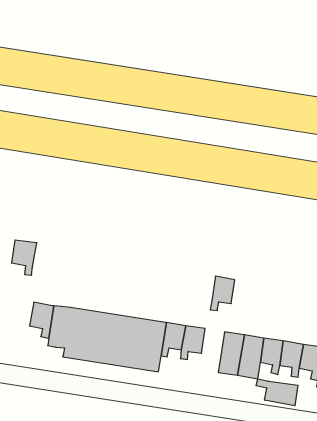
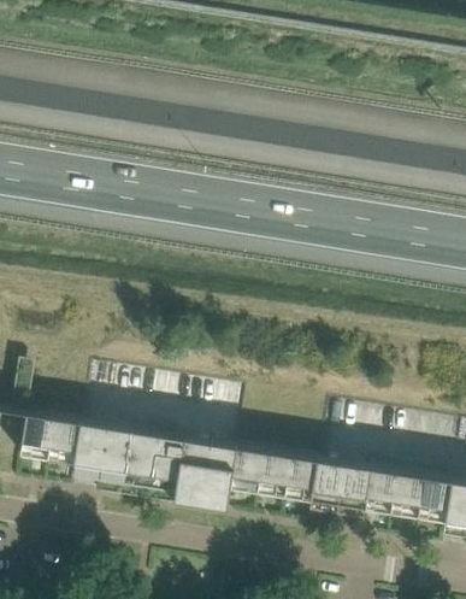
building: [11,240,37,275] -> [22,413,57,462]
building: [210,276,235,311] -> [284,453,318,500]
building: [256,379,298,406] -> none

